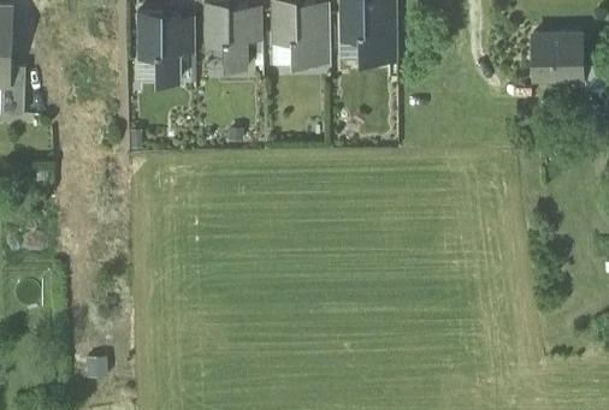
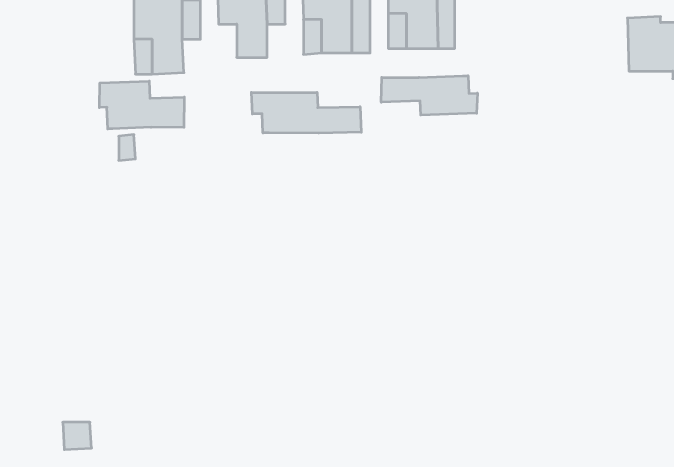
building: none -> [381,76,477,115]
building: none -> [99,81,184,129]
building: none -> [251,92,361,133]

